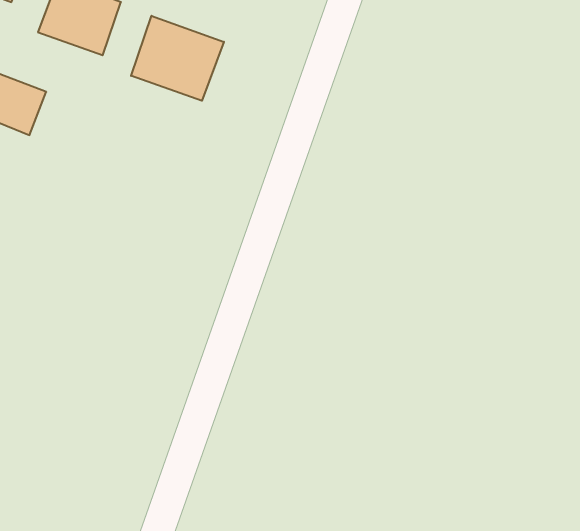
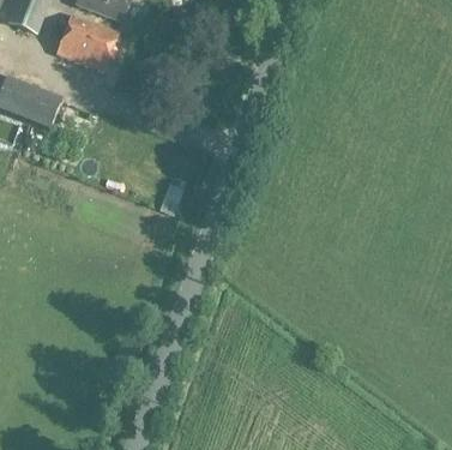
building: [131,16,224,101] -> none

